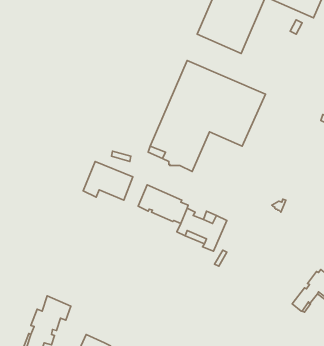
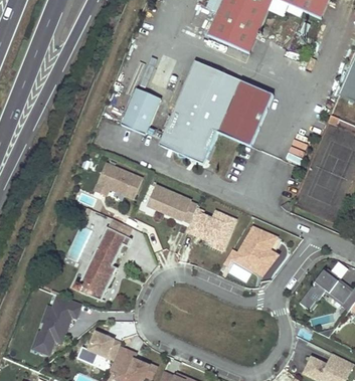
building: none -> [120,88,159,135]
building: none -> [72,226,130,300]
building: none -> [237,227,276,271]

